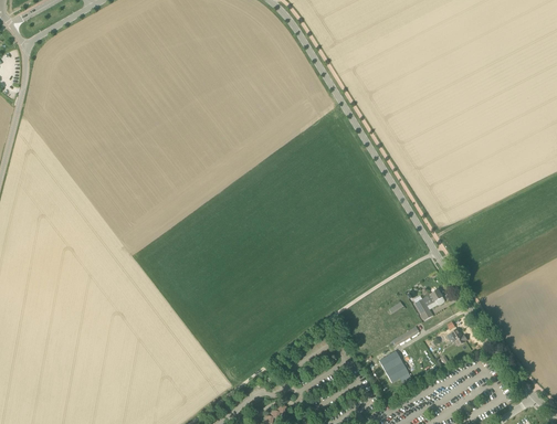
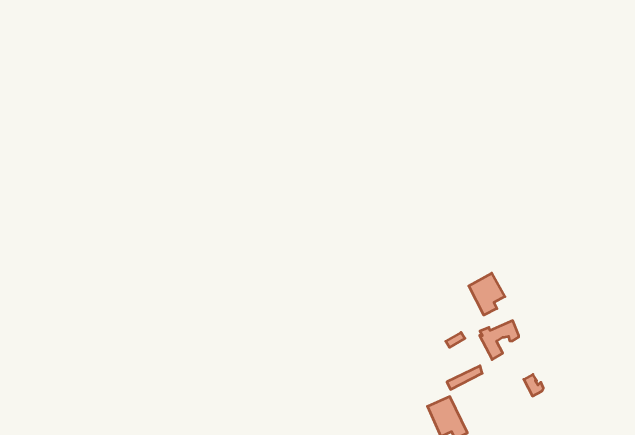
building: none -> [469,273,505,315]

